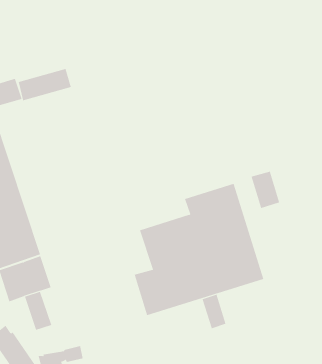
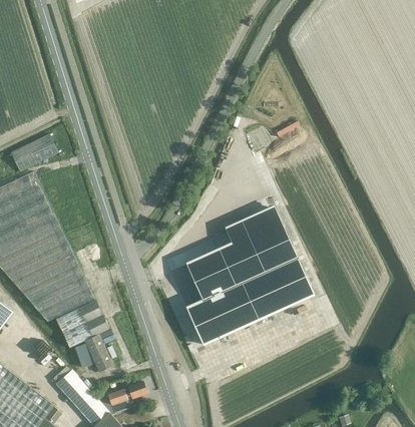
building: [18,68,71,101] -> none
building: [251,171,280,209] -> none
building: [202,294,226,329] -> none

